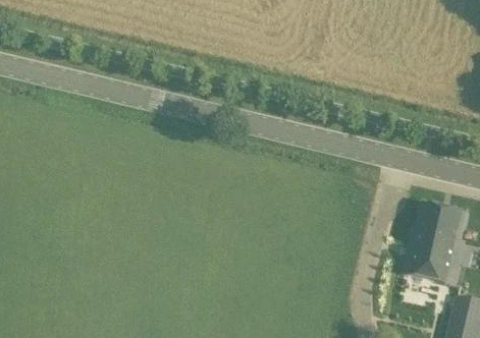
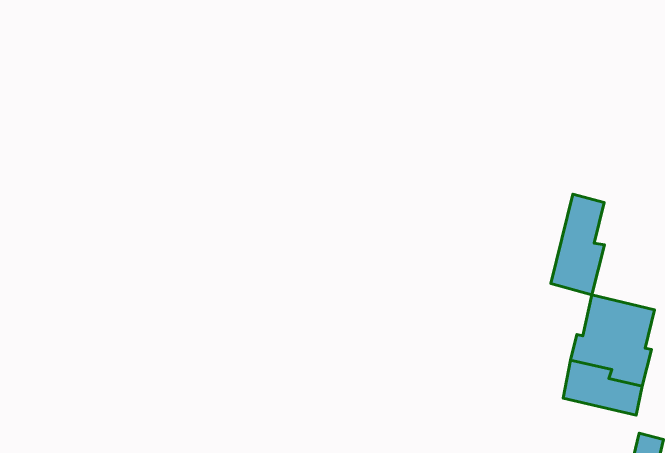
building: none -> [551,194,605,295]

